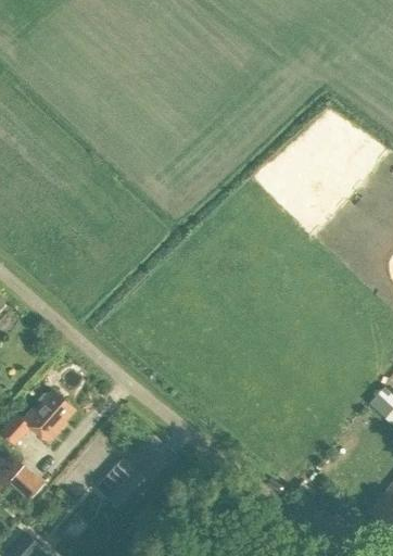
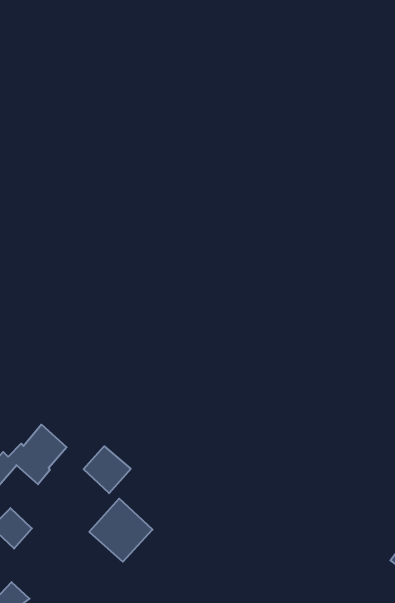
building: none -> [84,446,131,493]

